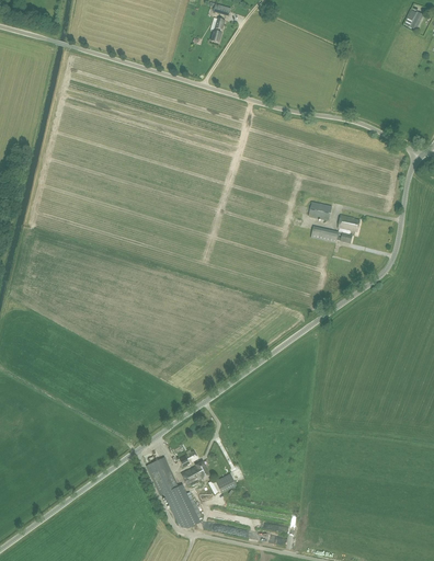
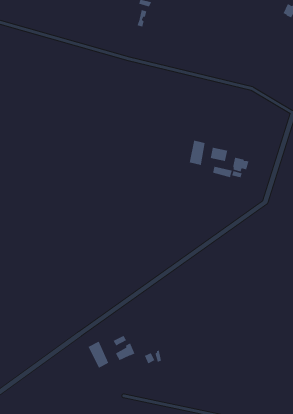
building: none -> [189,140,206,166]
building: [164,485,201,529] -> none

